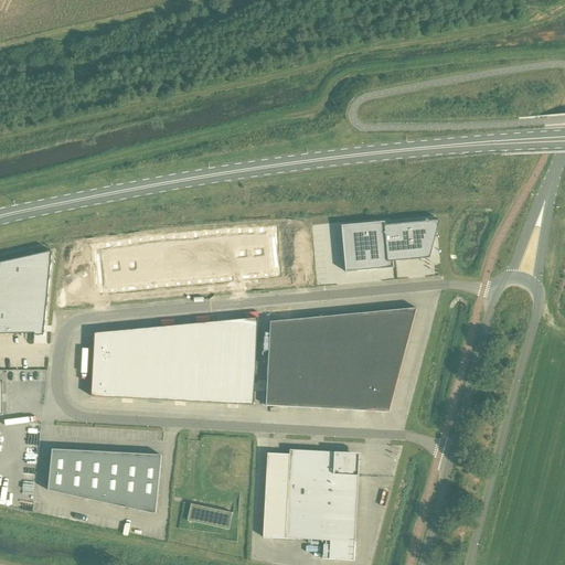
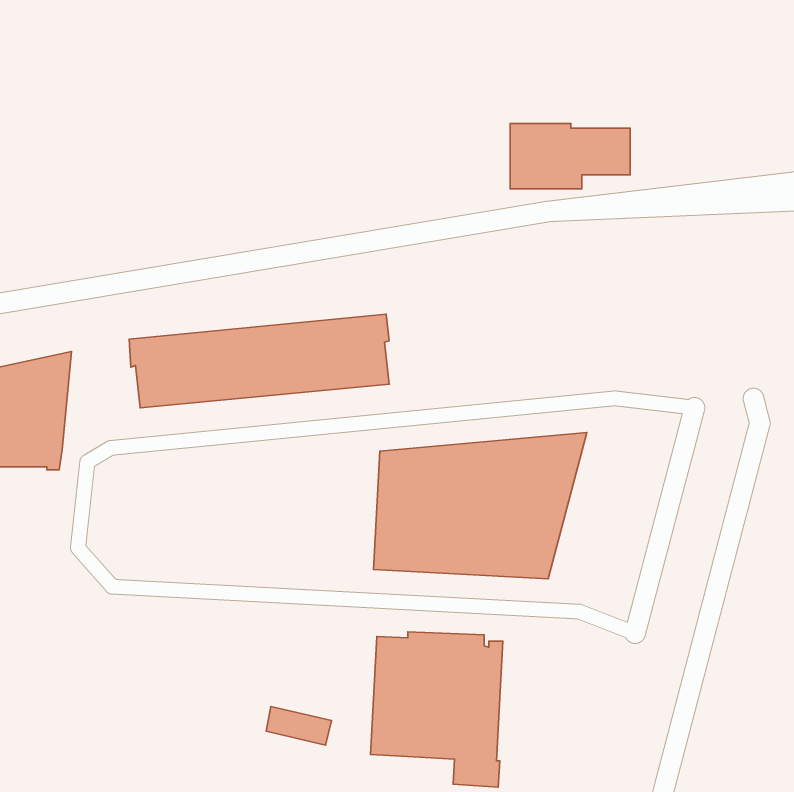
building: [349,218,434,265] -> [510,123,630,189]
building: [90,317,257,403] -> none
building: [47,448,160,512] -> none

